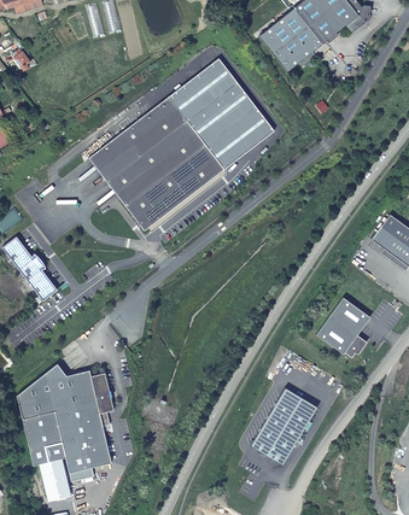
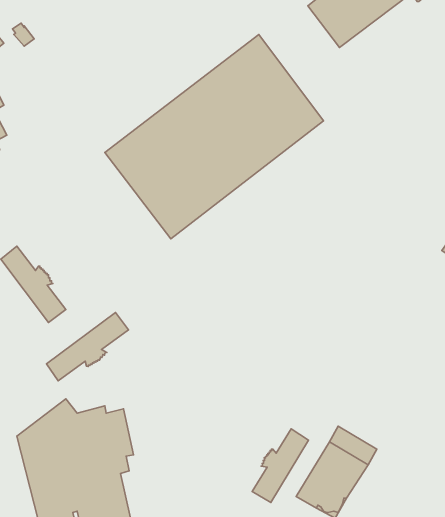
building: none -> [47,312,128,381]
building: [316,298,369,357] -> none
building: none -> [252,429,308,503]

